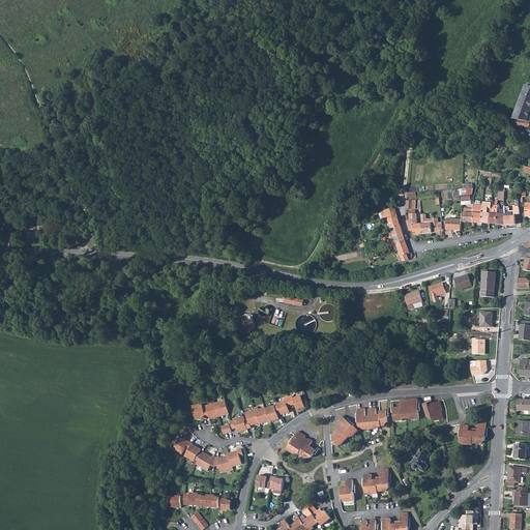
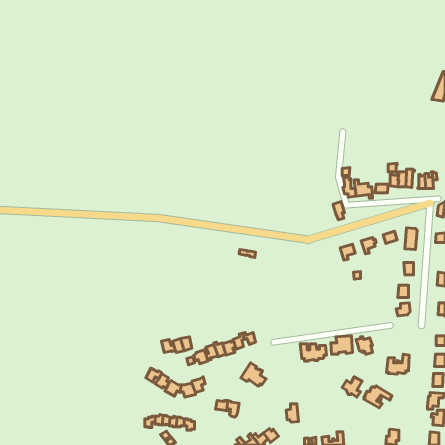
building: [380,207,405,245] -> none
building: [332,415,357,445] -> none
building: none -> [364,386,392,408]
building: [363,468,389,494] -> none

